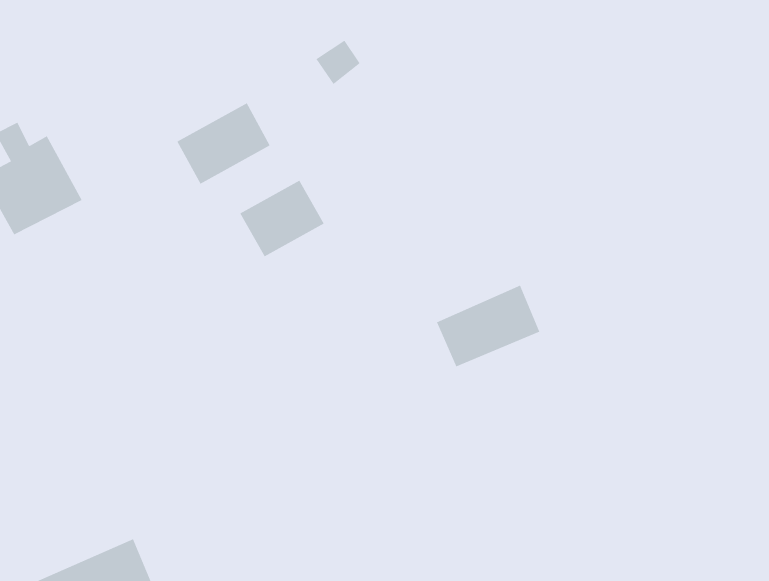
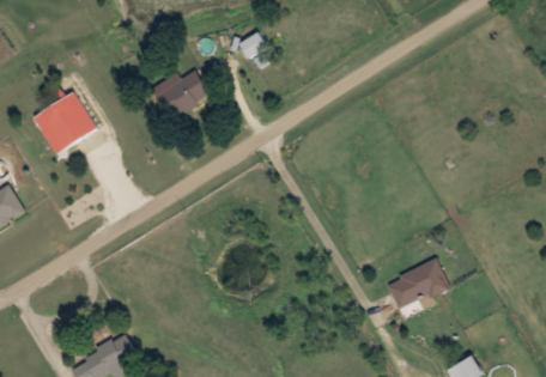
building: [240,180,324,257] -> none
building: [436,285,540,367] -> [386,259,449,309]

